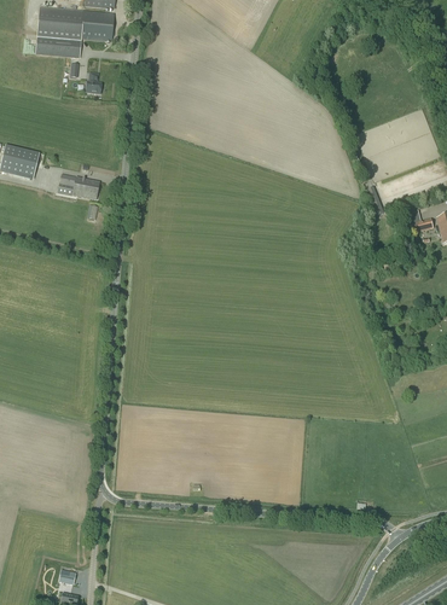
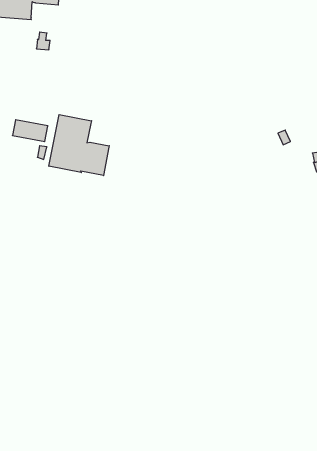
building: none -> [49,115,109,176]

